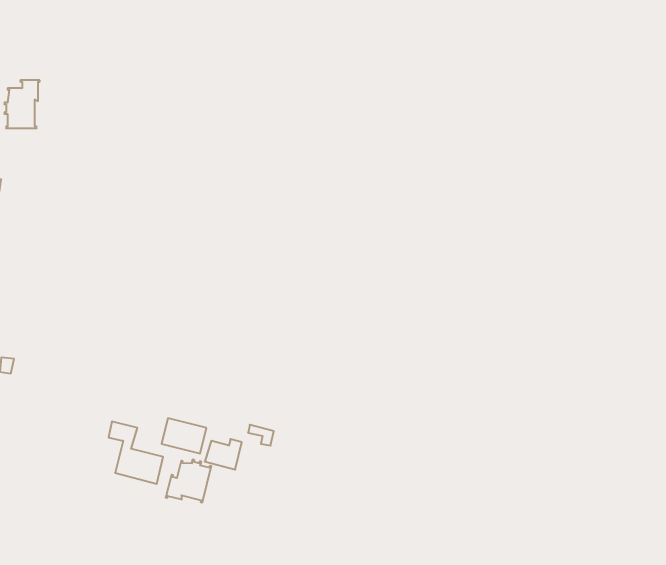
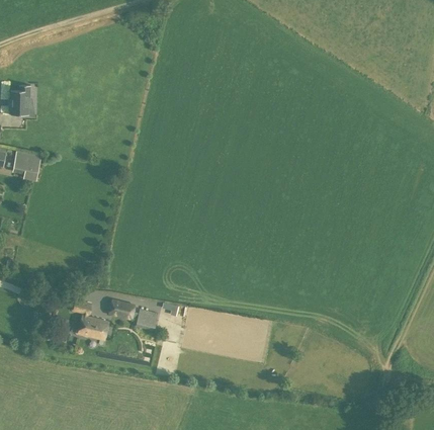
building: none -> [12,151,34,176]
building: [166,459,211,503] -> none

